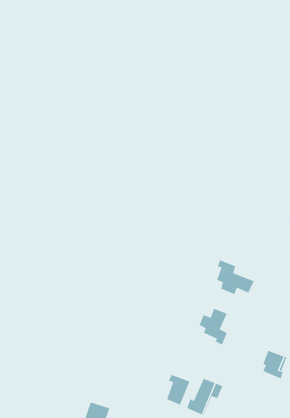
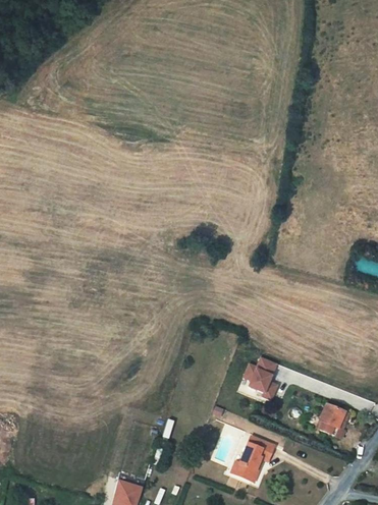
building: [217,259,254,295] -> none
building: [166,374,190,406] -> none

